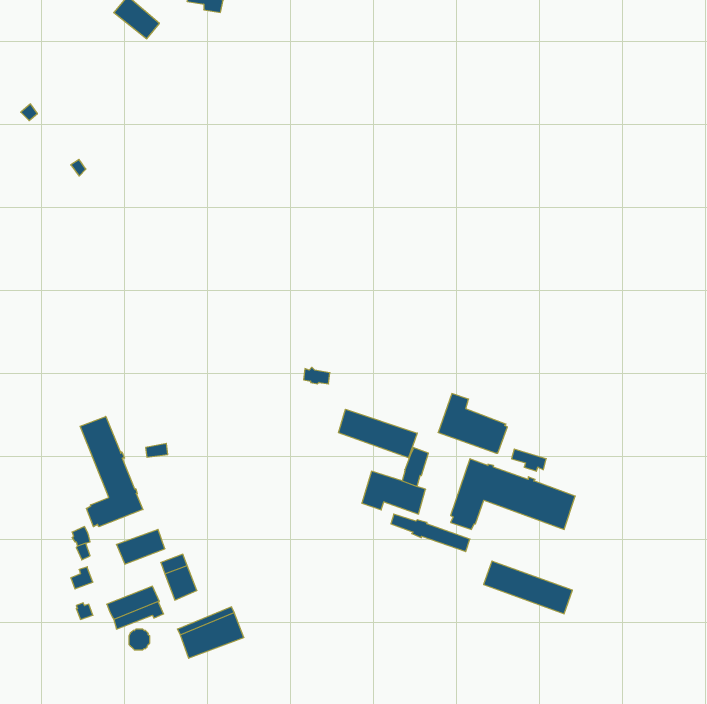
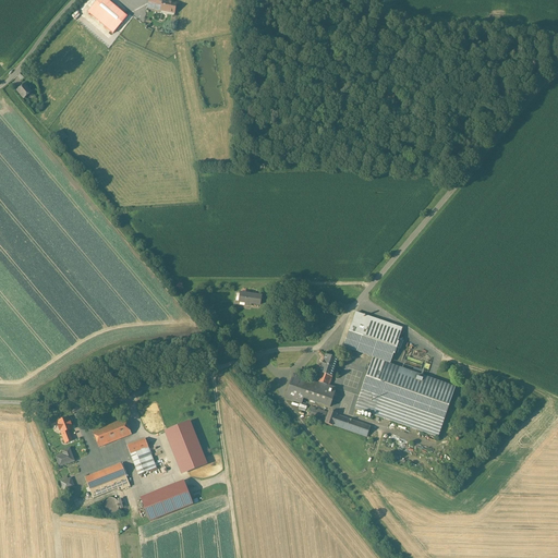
building: [338,409,417,458] -> none
building: [80,416,143,527] -> none
building: none -> [163,418,205,472]
building: [484,561,572,614] -> [374,393,444,435]

